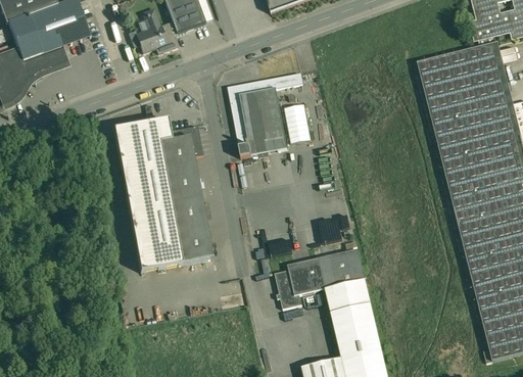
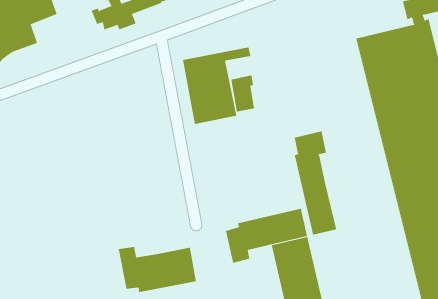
building: [114,116,213,269] -> none
building: none -> [294,130,337,235]
building: none -> [118,246,197,293]

